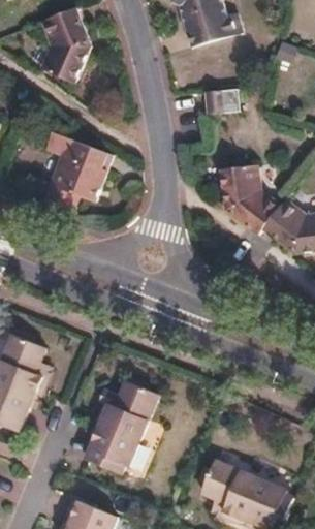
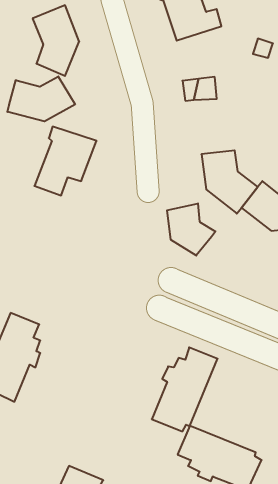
building: none -> [7,76,75,121]
building: none -> [167,203,215,256]
building: [81,382,152,473] -> [152,347,218,431]

